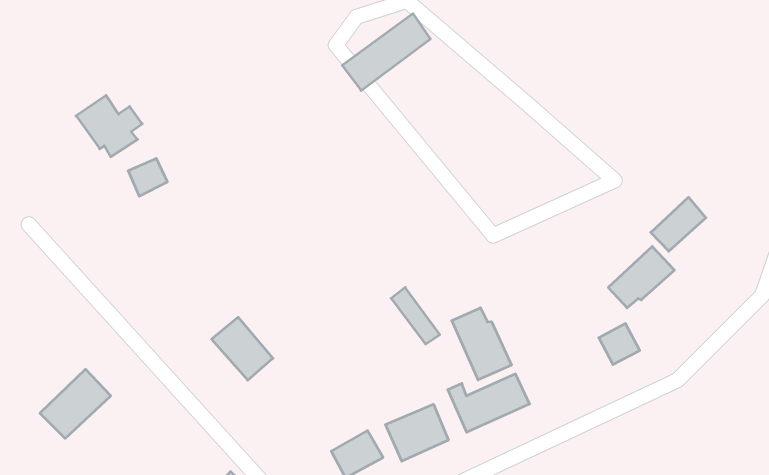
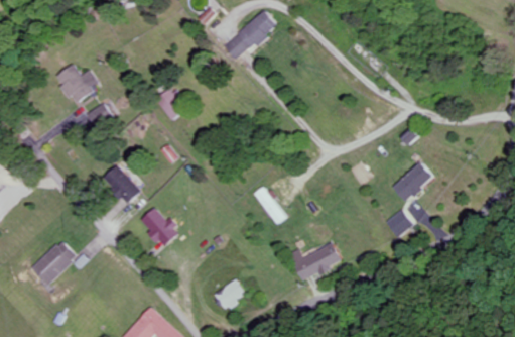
building: [651,197,706,251] -> none
building: none -> [102,166,140,205]
building: [452,308,511,380] -> none
building: [385,404,448,461] -> none

